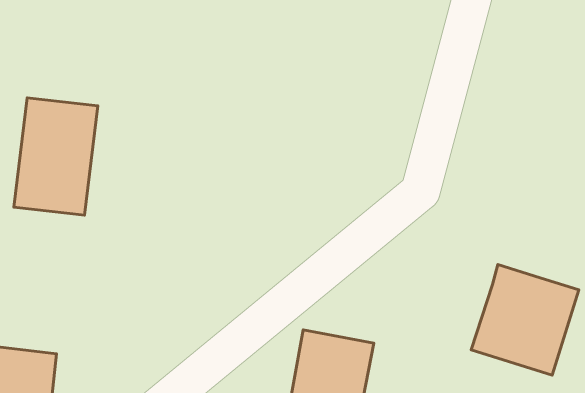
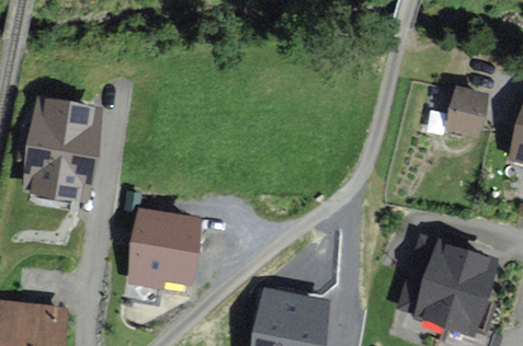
building: none -> [451,88,487,135]
building: none -> [132,211,197,286]

